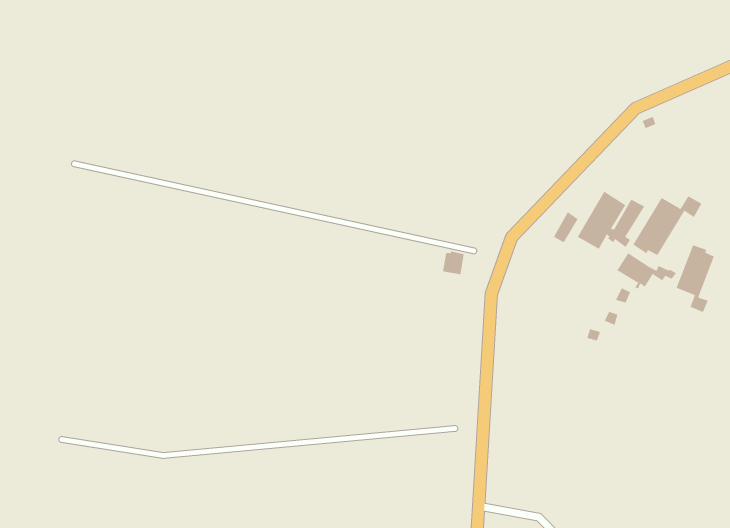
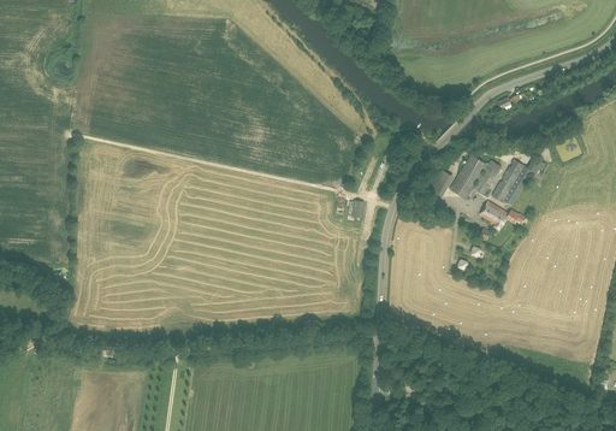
building: [676,245,714,313] -> none

